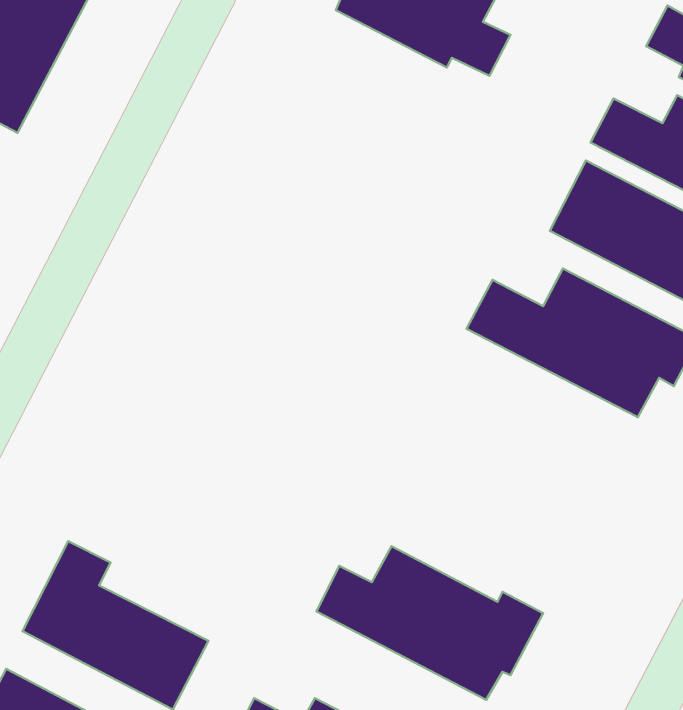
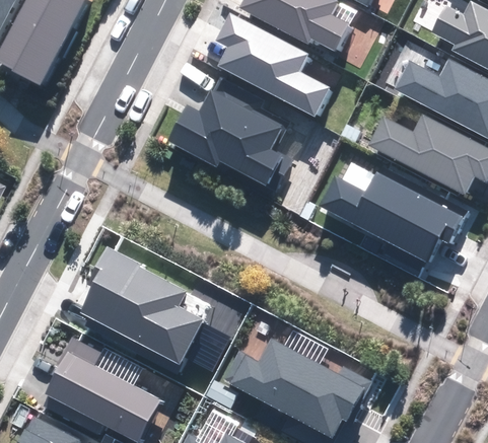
building: none -> [216,14,329,116]
building: none -> [168,90,290,194]
building: none -> [79,250,203,364]

